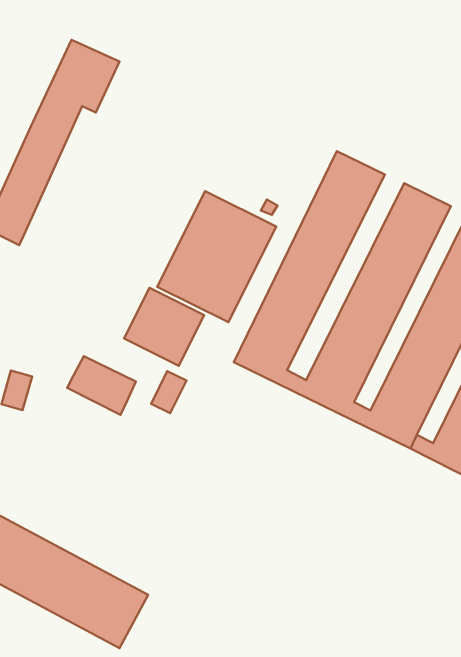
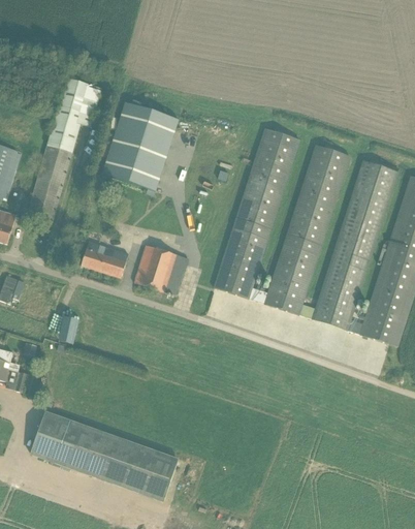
building: [157,191,276,322] -> [101,100,179,190]
building: [67,356,136,415] -> [81,240,128,277]
building: [151,371,186,413] -> none

